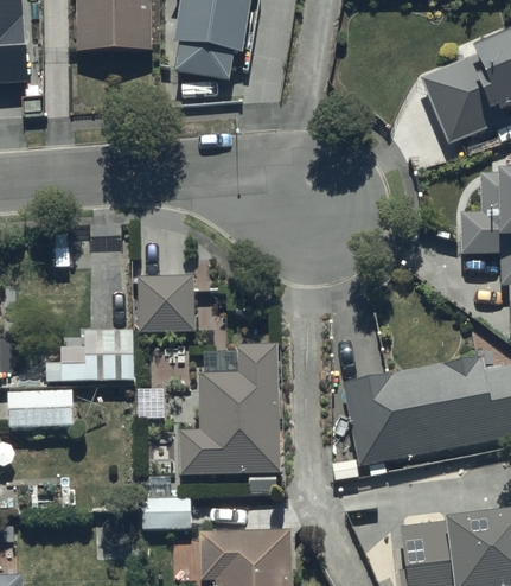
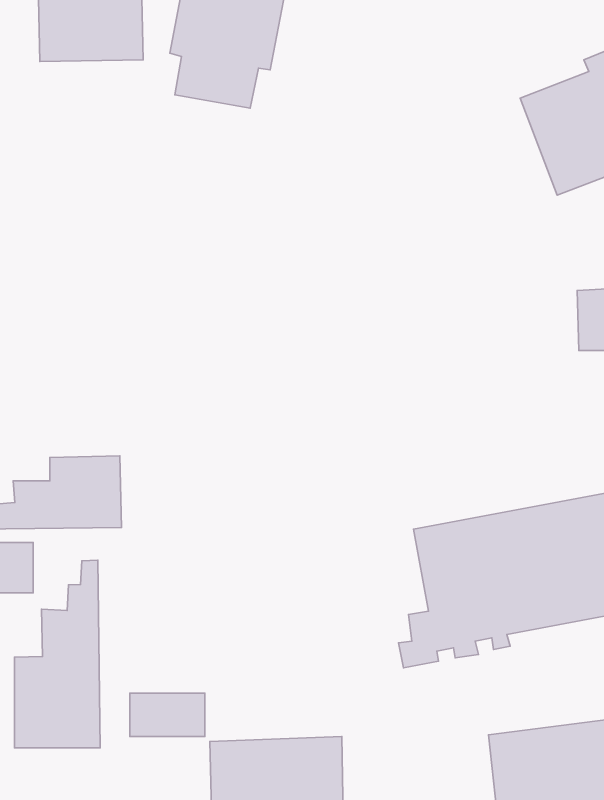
building: [136,275,194,333] -> none
building: [179,343,277,492] -> none
building: none -> [15,560,100,748]

